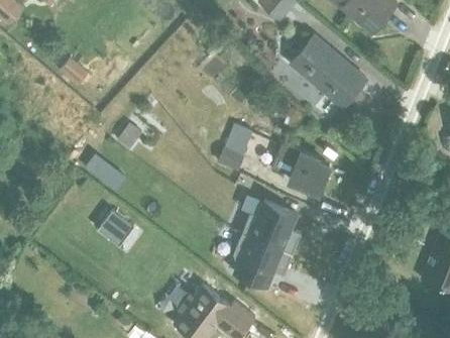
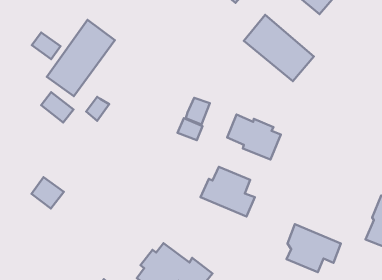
building: none -> [47,20,115,96]
building: [90,157,125,191] -> [41,92,73,123]
building: [98,211,133,245] -> [32,177,64,208]
building: [232,234,292,287] -> [287,224,341,272]

